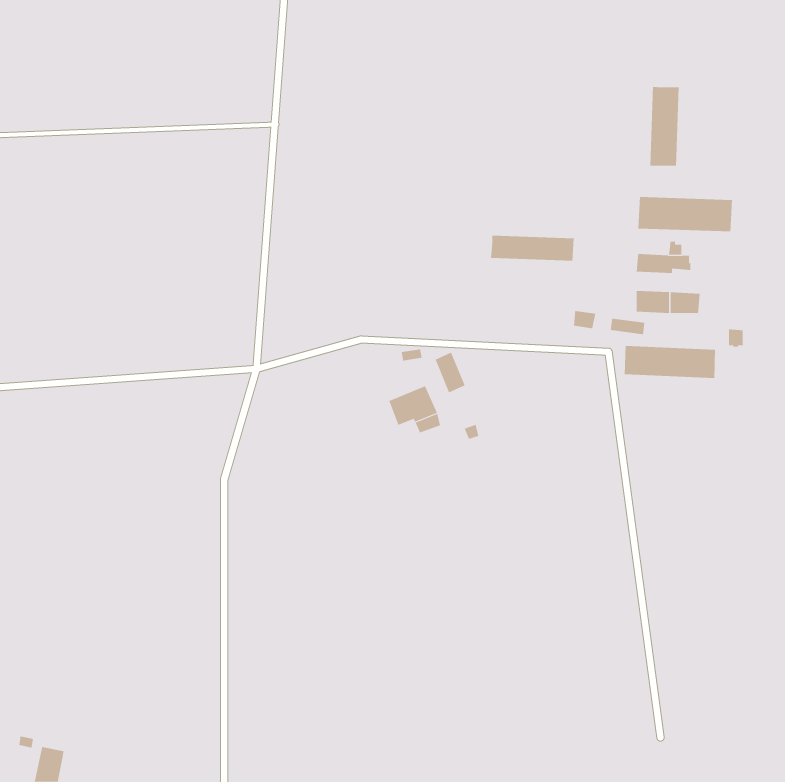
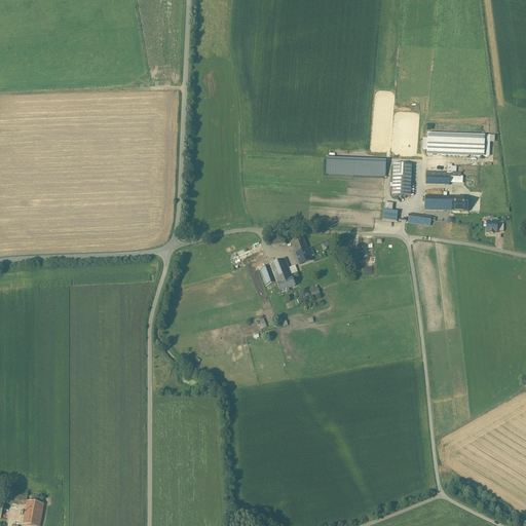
building: [650,86,679,166] -> none
building: none -> [392,162,412,194]
building: [624,345,716,379] -> none

